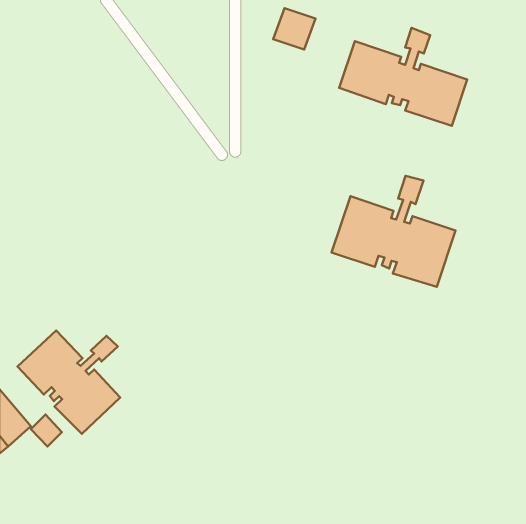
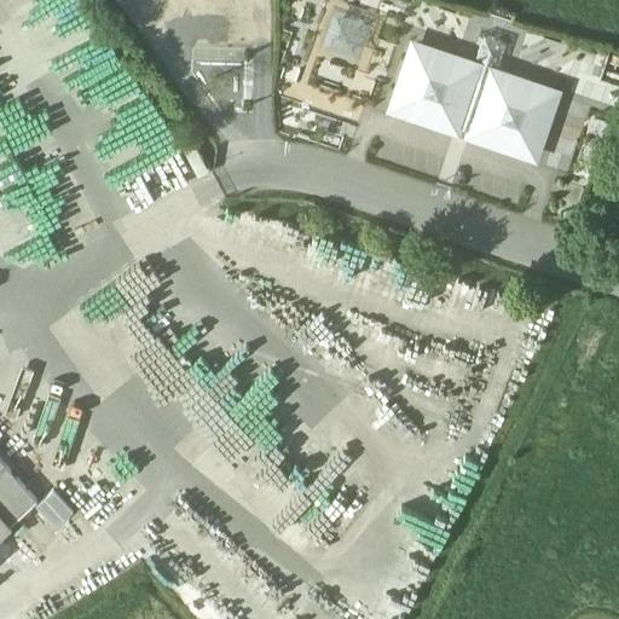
building: [332,176,456,287] -> none
building: [18,330,120,434] -> none

